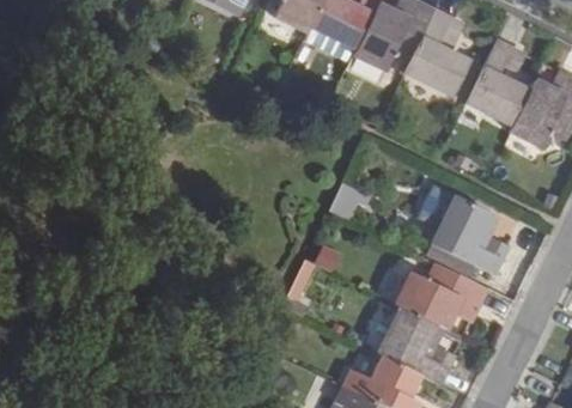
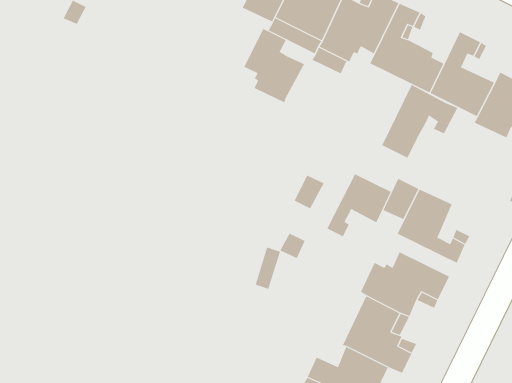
building: none -> [244,28,305,103]
building: none -> [381,84,458,159]
building: none -> [327,173,391,237]

